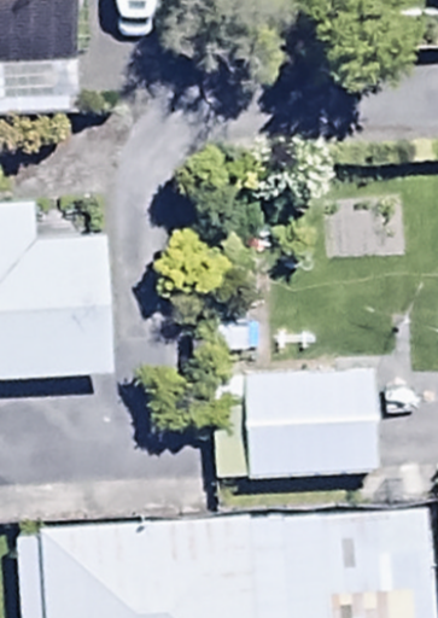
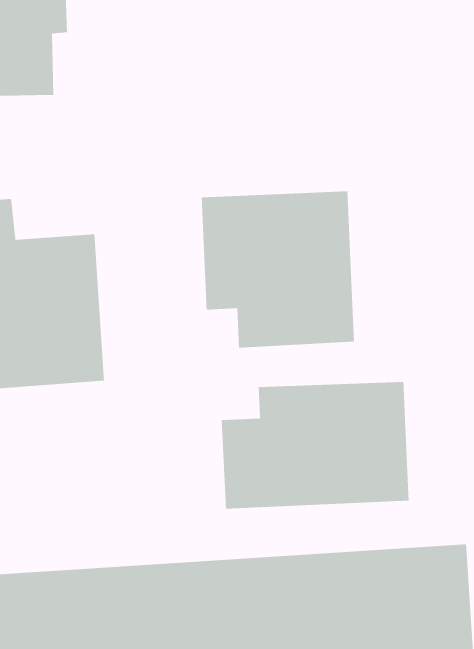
building: none -> [201,190,355,349]

